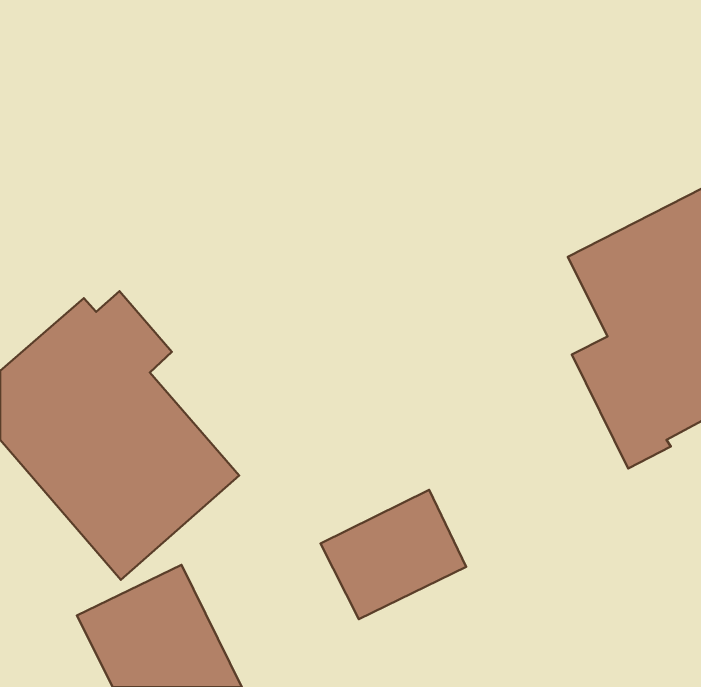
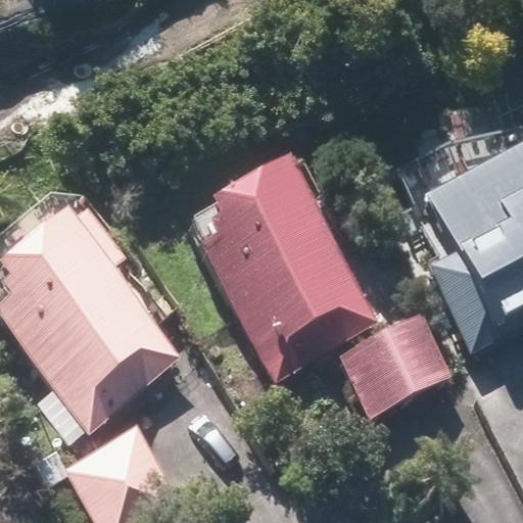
building: none -> [190,164,378,375]
building: [320,490,466,619] -> [339,318,447,414]

